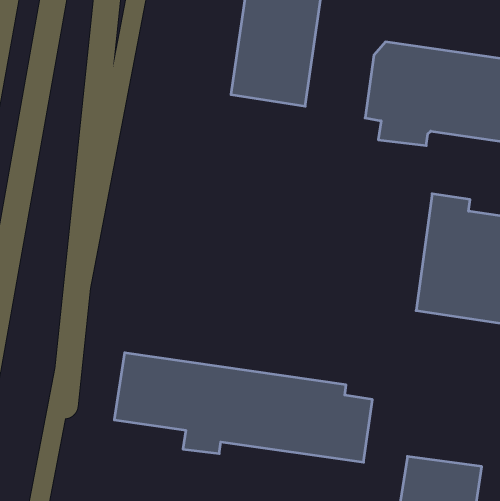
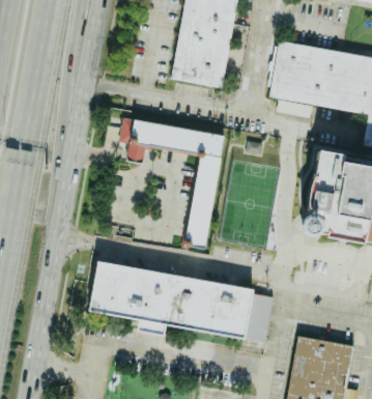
building: none -> [119,118,224,250]

